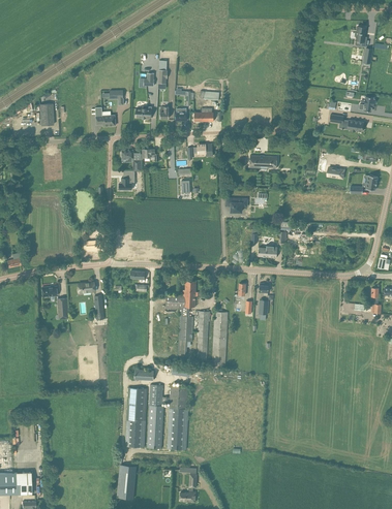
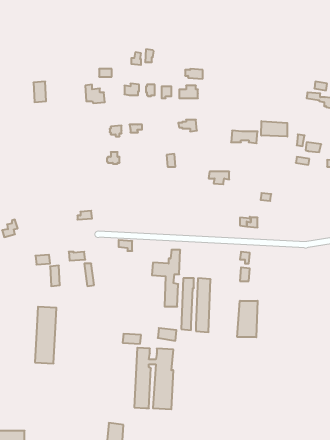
building: none -> [261,121,287,137]
building: none -> [237,301,258,337]
building: [125,387,148,447] -> [35,307,56,363]

